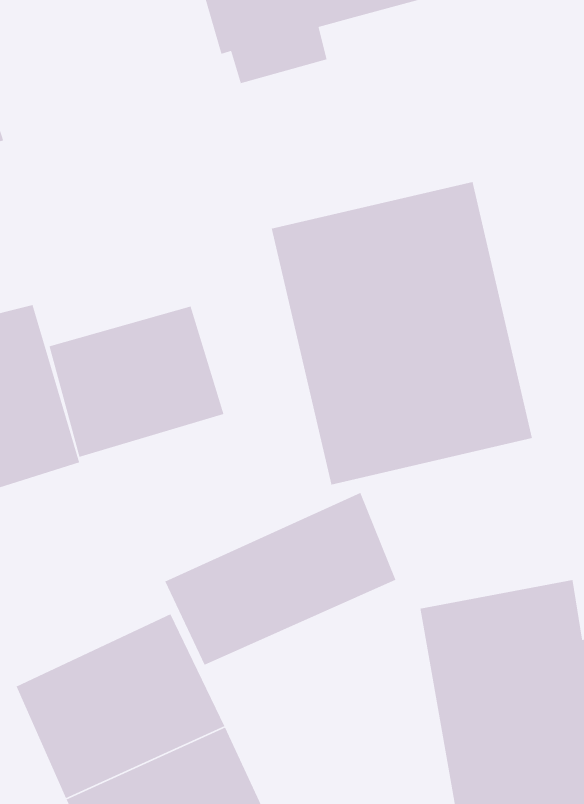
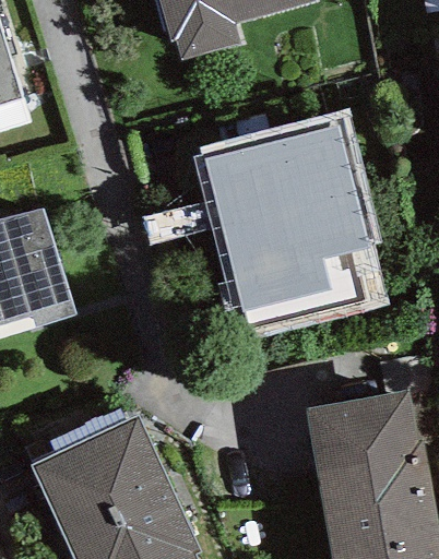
building: [49,305,225,458] -> none
building: [164,492,397,666] -> none

